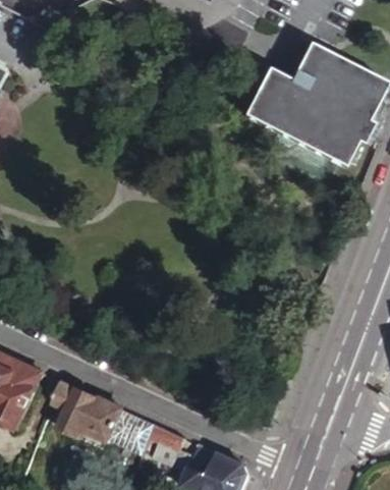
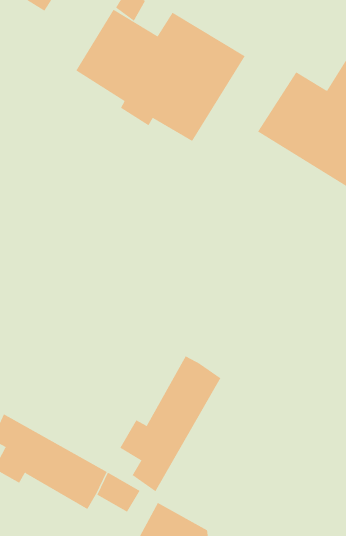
building: none -> [75,9,246,142]
building: none -> [119,355,221,492]

